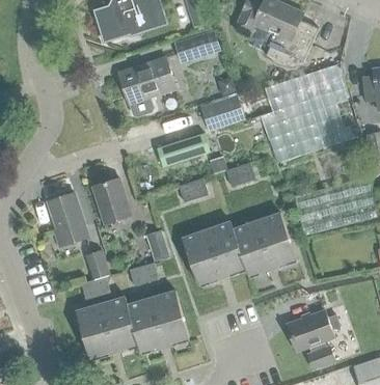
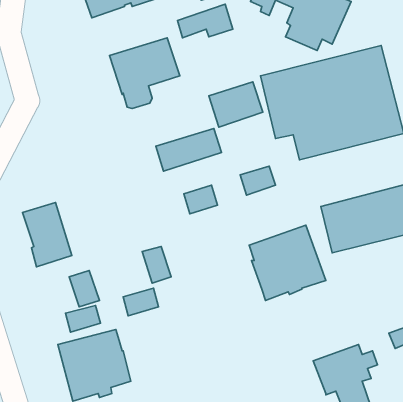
building: [92,178,131,224] -> none
building: [183,221,244,284] -> none
building: [126,291,188,351] -> none

